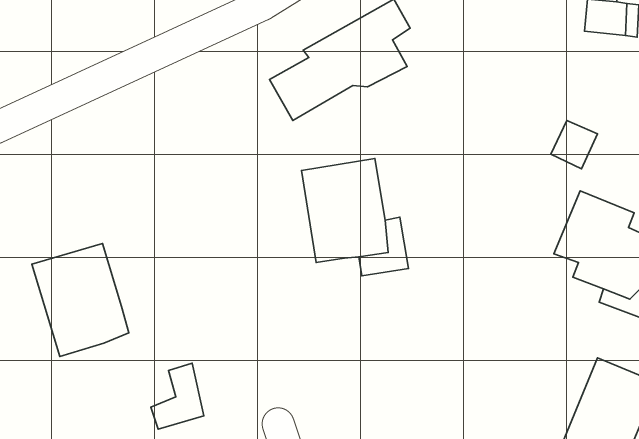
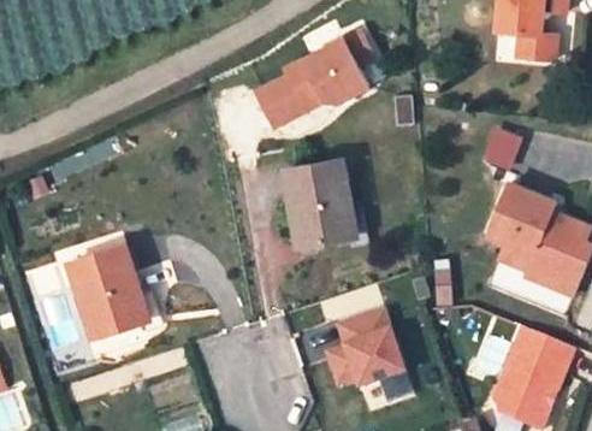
building: none -> [320,307,399,385]
building: [151,363,204,429] -> [108,276,152,330]

